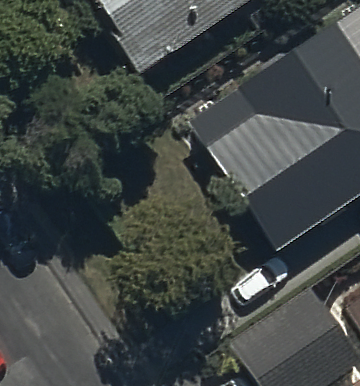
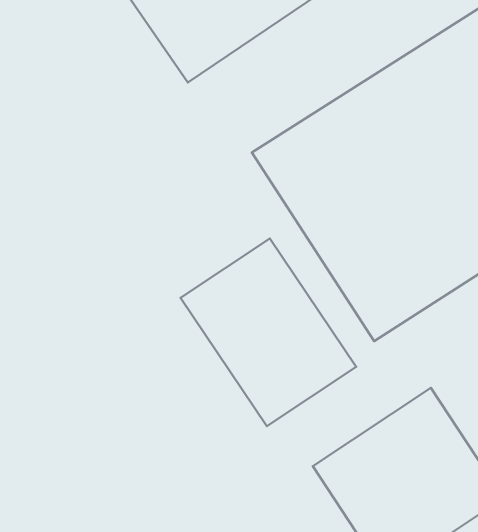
building: none -> [180,238,356,426]

